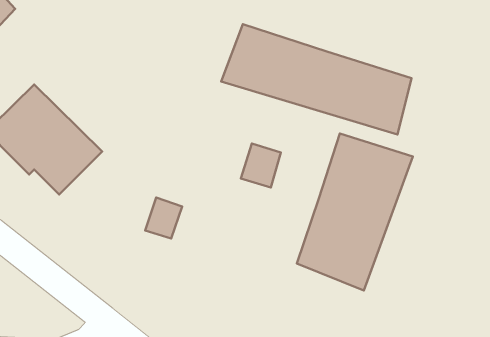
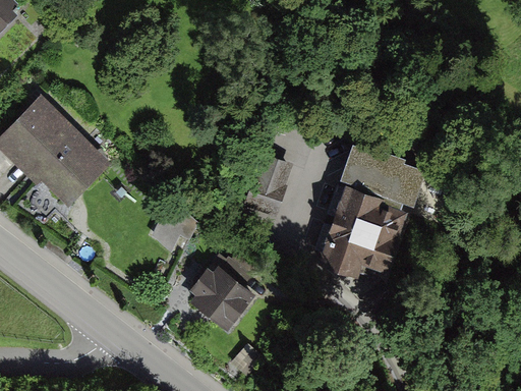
building: [221,24,411,135] -> none
building: none -> [189,265,256,331]

